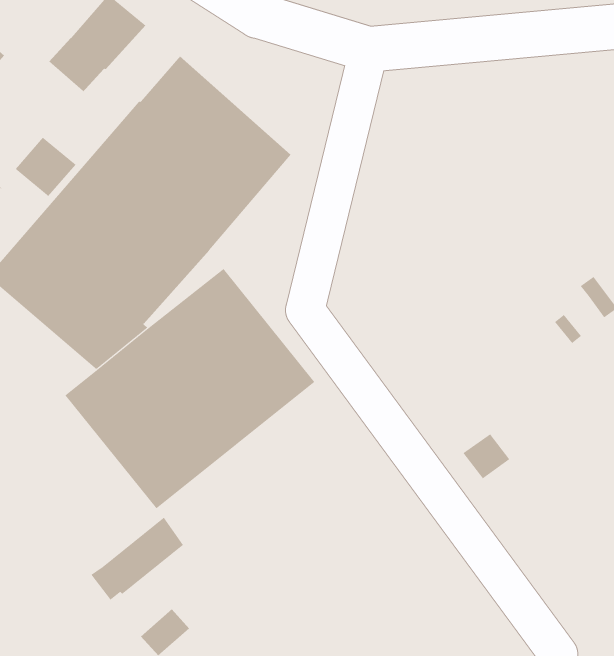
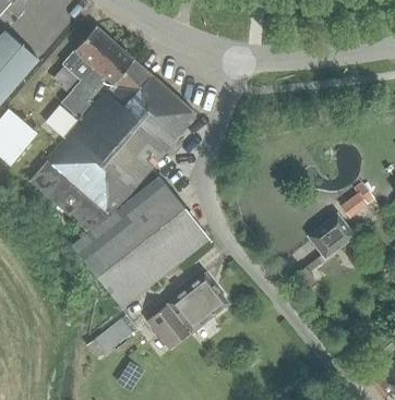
building: none -> [61,44,135,118]
building: none -> [307,211,357,259]
building: none -> [146,274,229,350]

